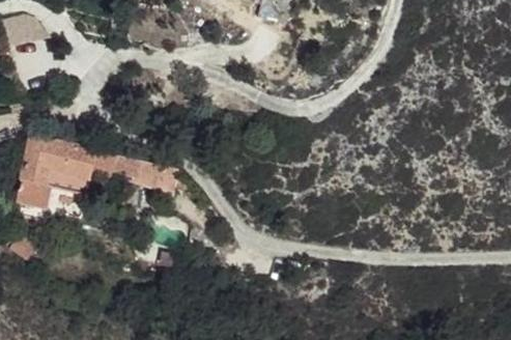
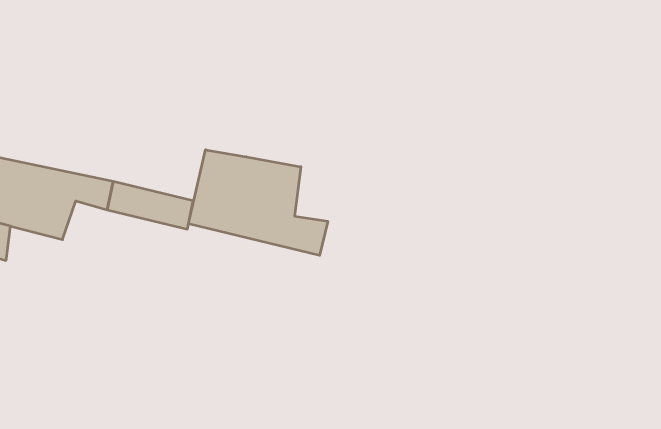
building: none -> [188,150,328,255]

